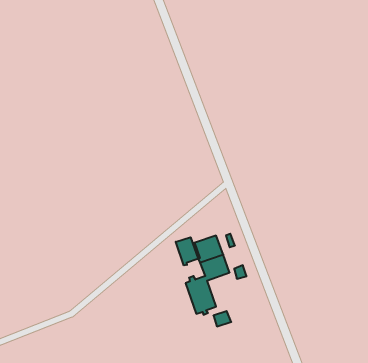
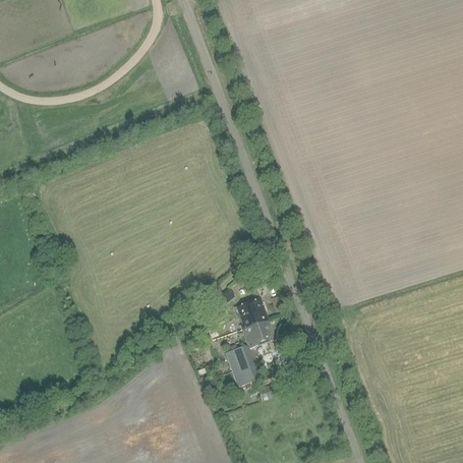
building: [176,237,198,265] -> none

